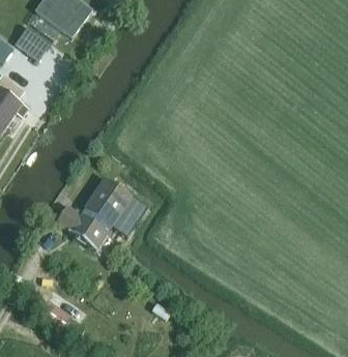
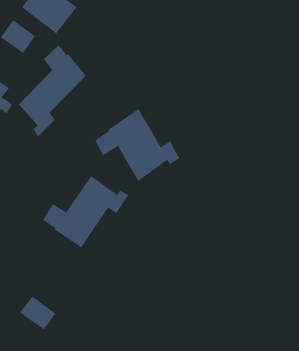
building: none -> [18,44,86,137]
building: none -> [94,108,180,182]

